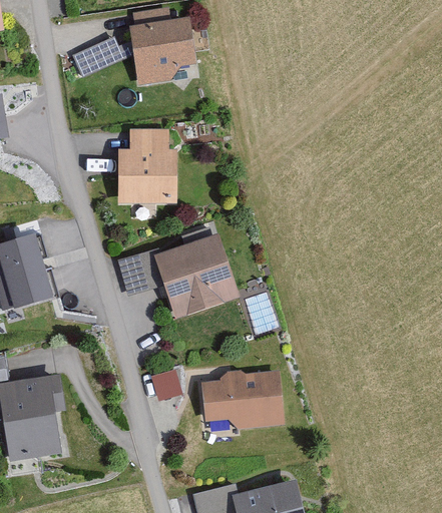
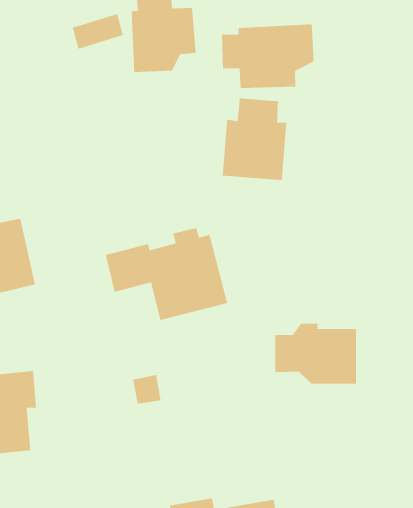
building: none -> [221,24,314,89]
building: [117,128,176,205] -> [222,97,287,181]
building: [201,372,283,431] -> [274,323,357,385]

